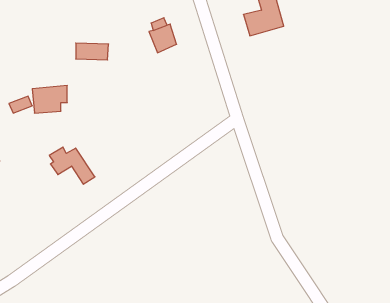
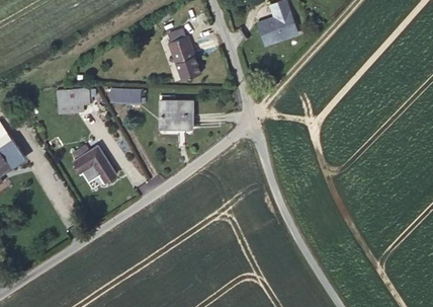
building: [76,43,109,60] -> [110,90,142,106]
building: none -> [175,49,200,76]
building: none -> [160,101,192,128]

